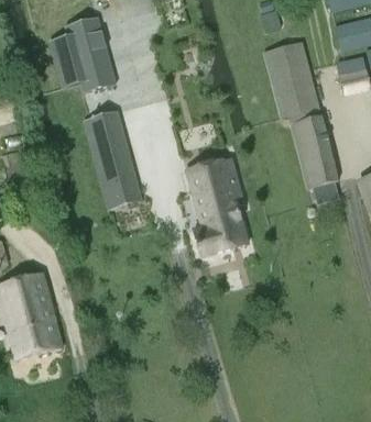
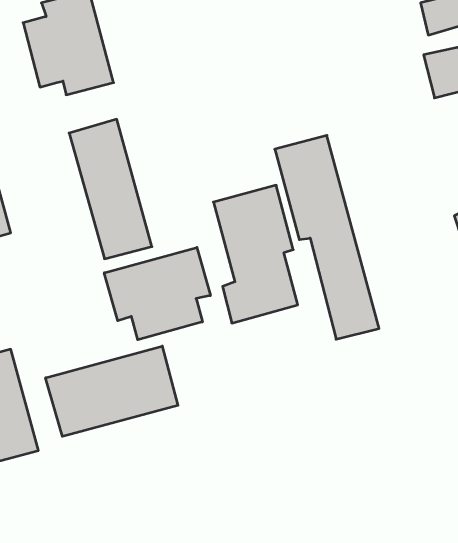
building: [263,41,338,187] -> [275,135,379,339]
building: none -> [104,247,210,340]
building: none -> [46,346,178,436]

